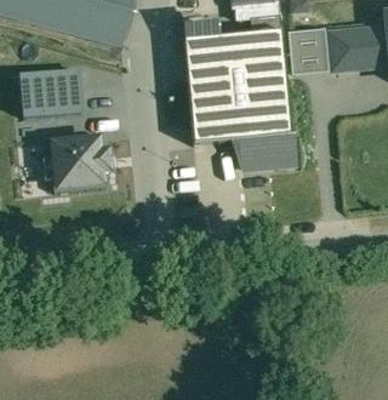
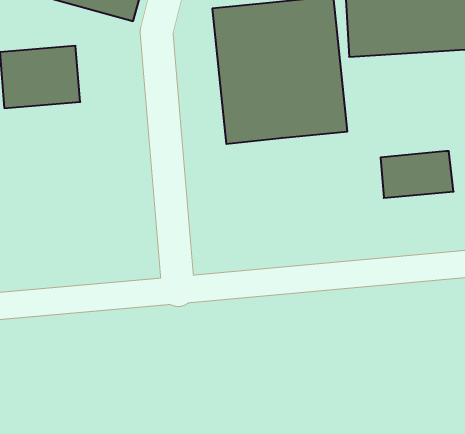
building: [50,133,103,189] -> none
building: [239,133,296,170] -> [381,151,454,198]

